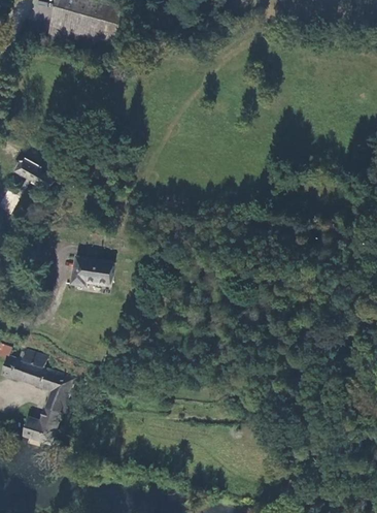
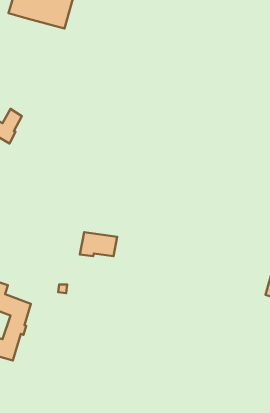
building: [73,256,116,284] -> [80,232,117,256]

